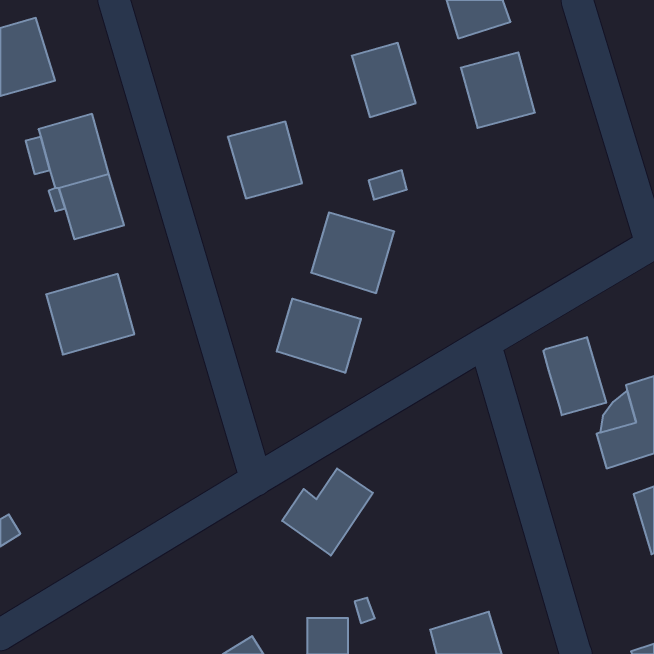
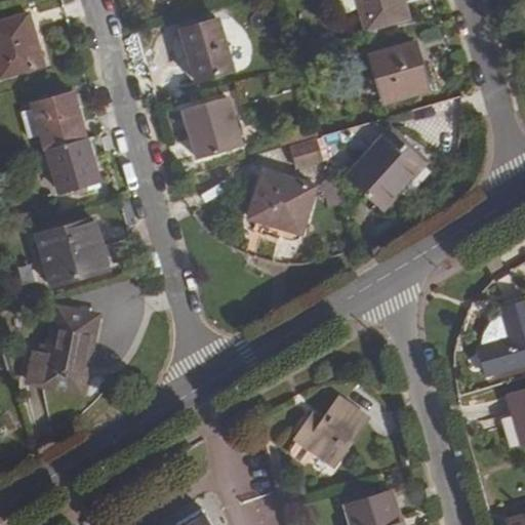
building: [352,43,416,117] -> [181,21,233,80]
building: none -> [347,128,428,210]
building: [277,299,361,373] -> none
building: [543,337,606,415] -> none
building: none -> [27,309,95,392]
building: [282,468,373,556] -> [295,398,368,468]

